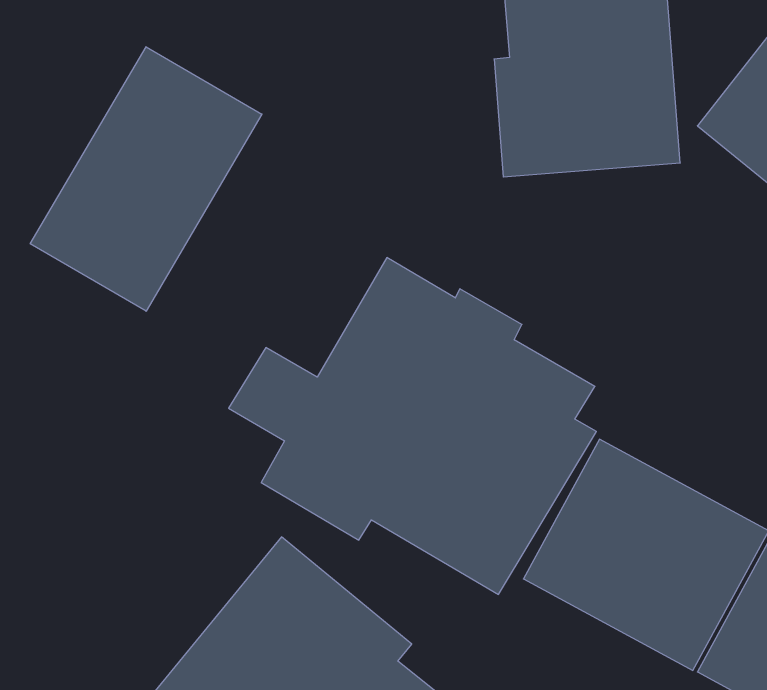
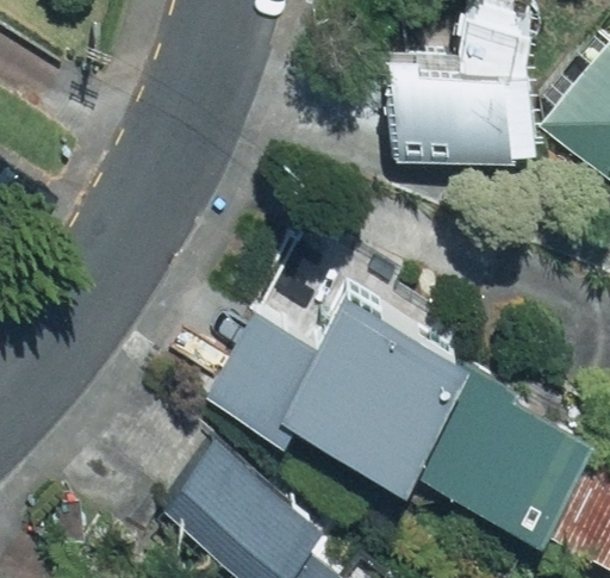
building: [30,47,262,311] -> none

